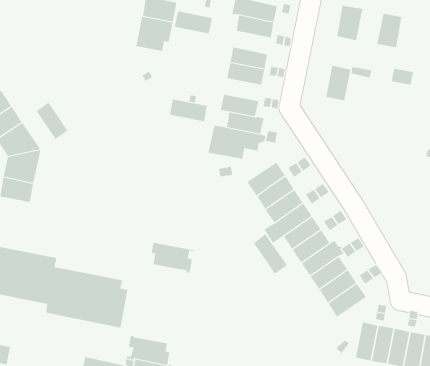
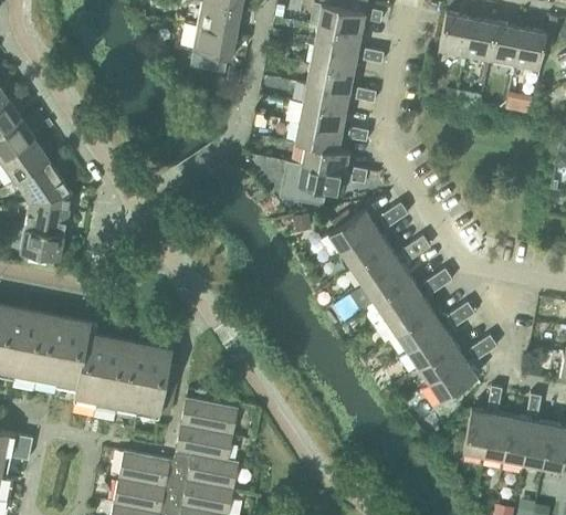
building: [174,11,213,34] -> [310,45,358,74]
building: none -> [514,28,547,72]
building: [325,65,351,101] -> [464,18,496,62]
building: [169,99,208,122] -> [298,104,346,133]
building: [36,102,68,140] -> none
building: [253,233,288,275] -> none
building: [151,242,194,273] -> [186,398,240,437]

